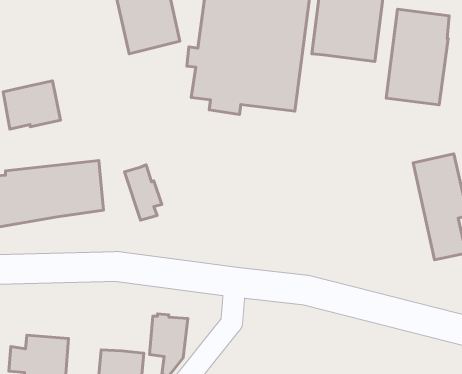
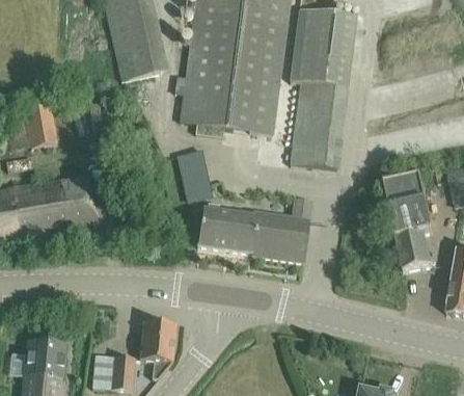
building: [386,9,449,105] -> [290,81,348,169]
building: [125,165,162,220] -> [181,149,215,200]
building: none -> [197,194,310,262]

